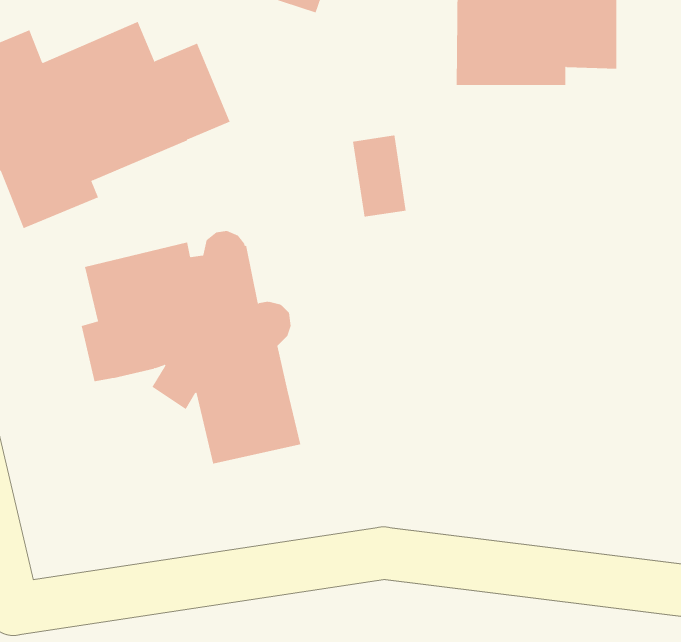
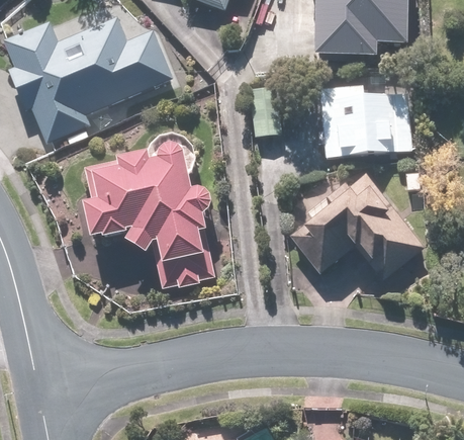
building: none -> [317,83,412,158]
building: none -> [289,172,426,280]

